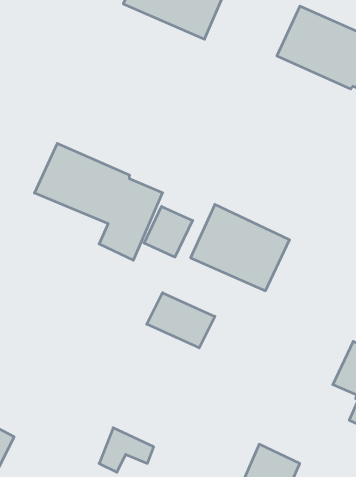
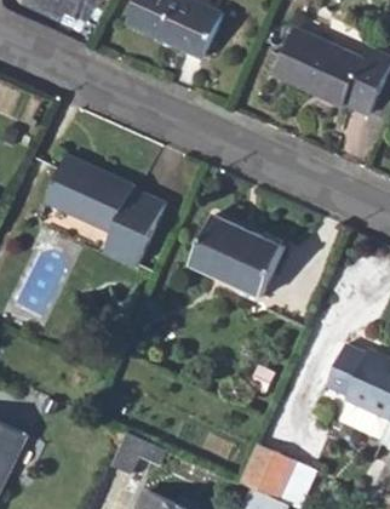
building: [144,206,193,257] -> none
building: [147,293,215,348] -> none

